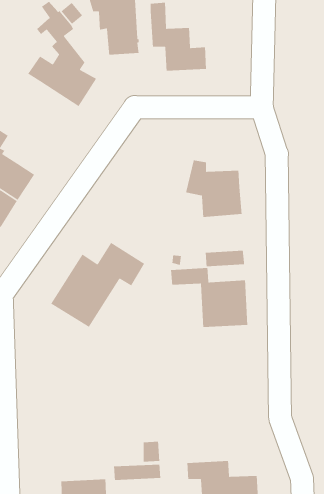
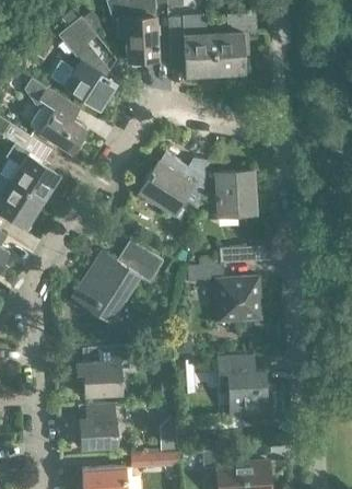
building: none -> [207,14,258,75]
building: none -> [31,83,89,156]
building: none -> [141,152,210,213]
building: none -> [77,347,139,397]
building: none -> [219,356,269,418]
building: none -> [80,404,118,450]

